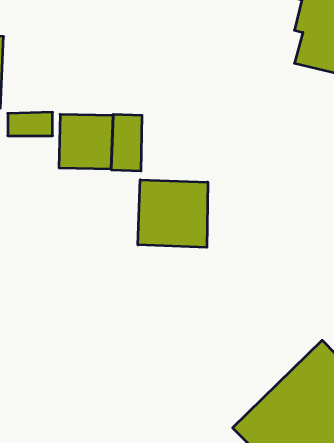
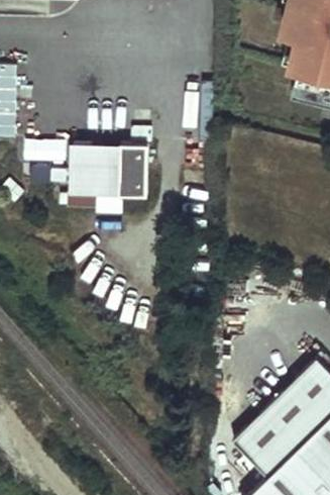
building: [138,180,208,247] -> none

